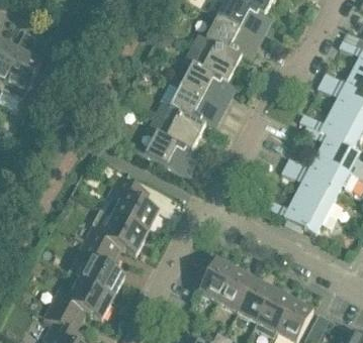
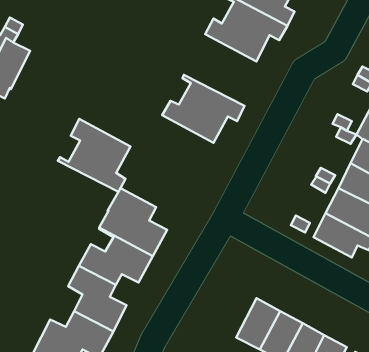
building: [174,45,236,106] -> none
building: [138,114,199,176] -> [58,119,130,192]
building: [197,257,236,302] -> none

